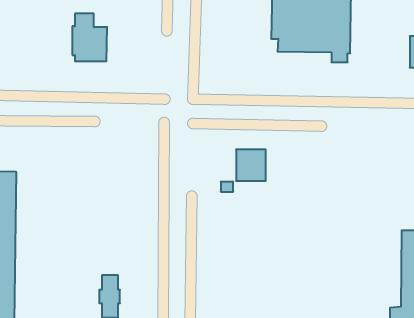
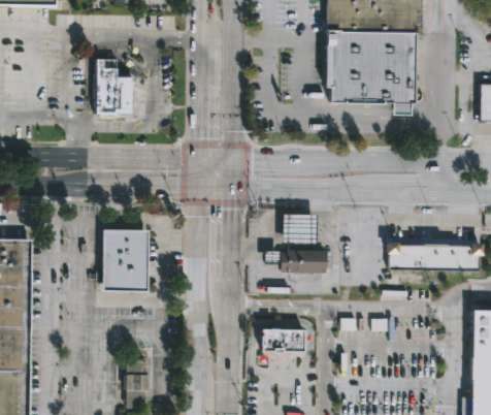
building: none -> [102,229,146,290]
building: none -> [390,237,480,269]
building: none -> [281,250,325,270]
building: none -> [259,328,305,353]

